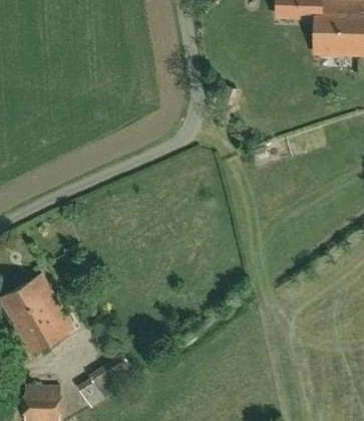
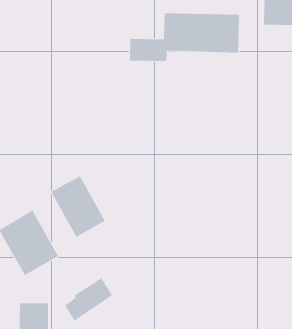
building: none -> [129,12,240,62]
building: none -> [50,176,105,238]

